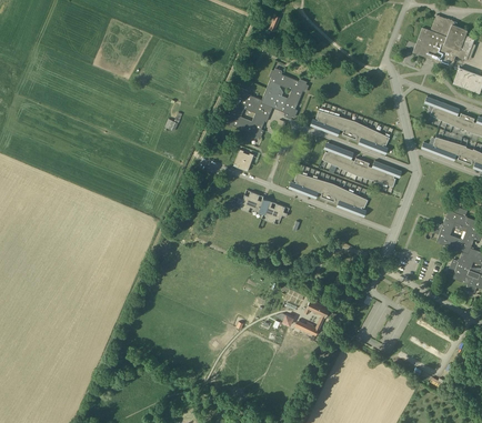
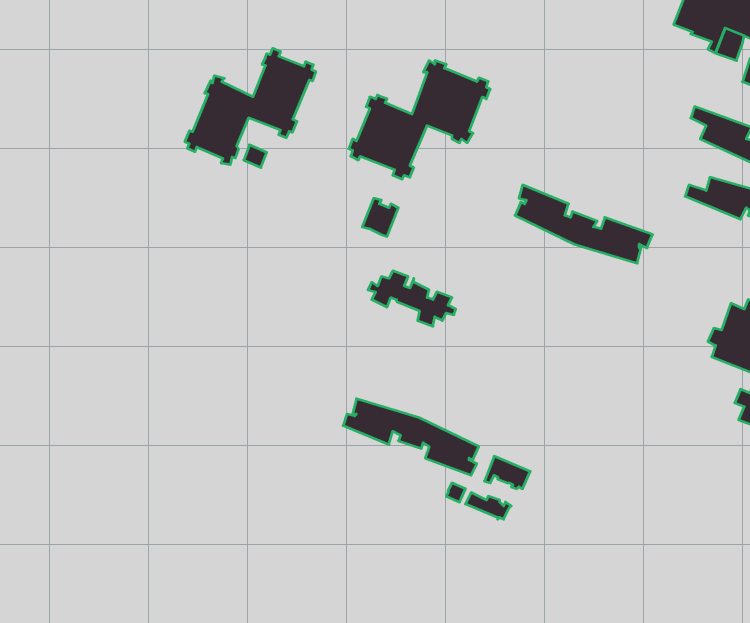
building: none -> [185,48,316,165]
building: [311,110,391,154] -> none
building: [290,172,369,216] -> [343,399,479,475]

